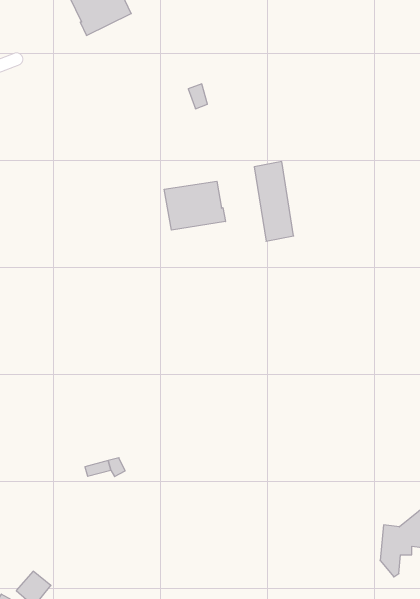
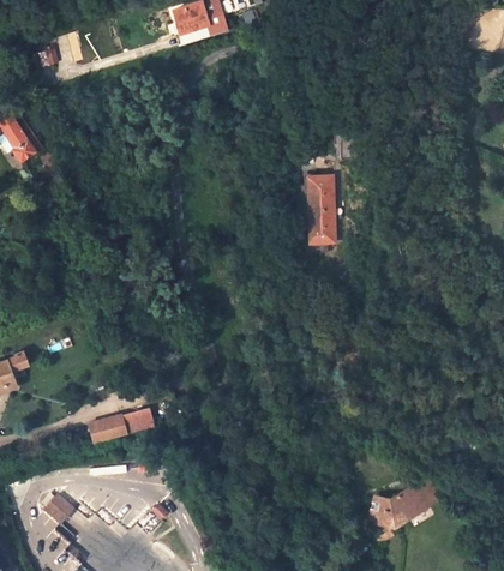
building: [164,181,225,230] -> none
building: none -> [88,413,125,441]

